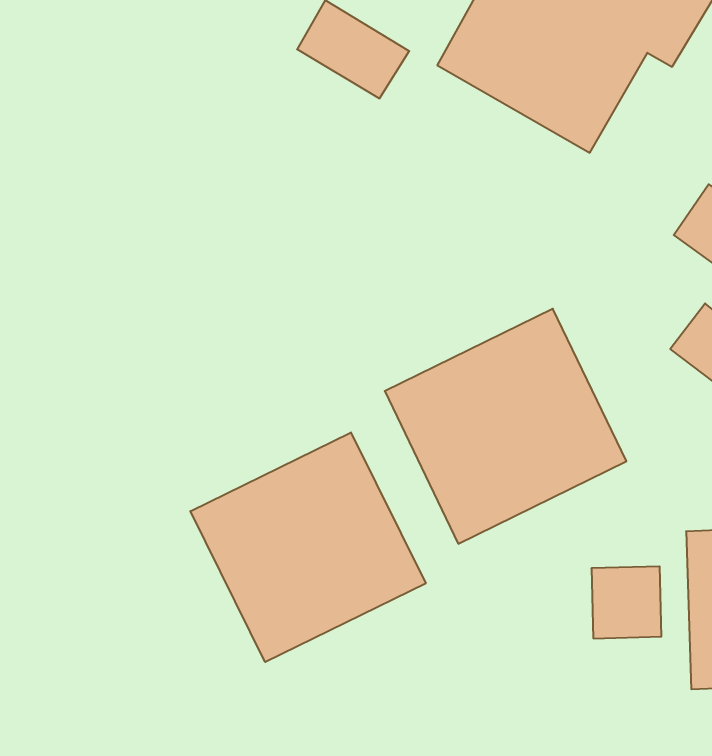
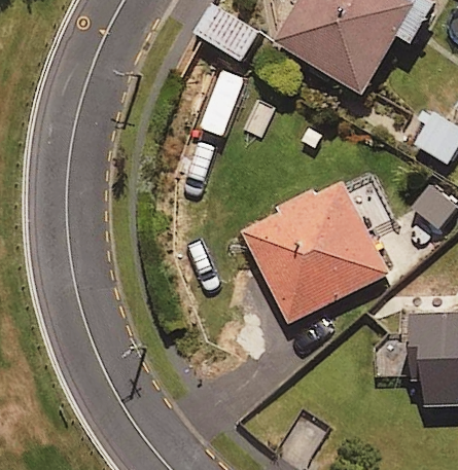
building: [190,432,426,662] -> none

